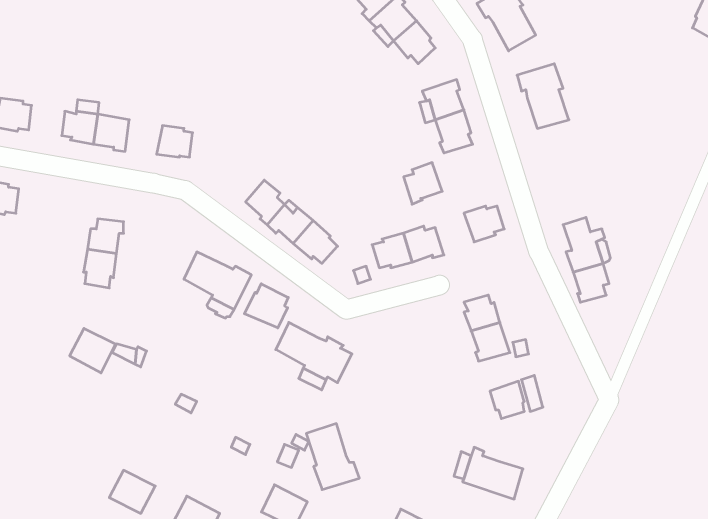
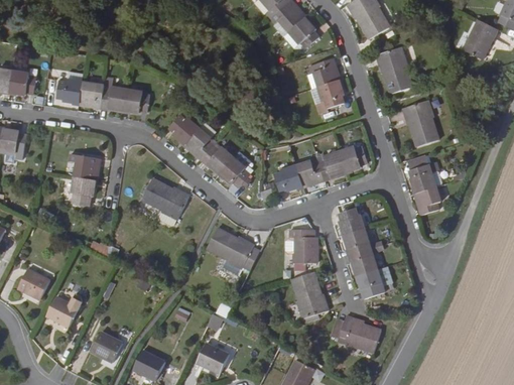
building: none -> [464,18,501,59]
building: none -> [101,82,127,110]
building: none -> [397,102,433,147]
building: none -> [169,115,199,143]
building: [404,163,442,204] -> [318,151,346,180]
building: [244,284,288,328] -> none
building: none -> [290,229,316,262]
building: [70,328,115,373] -> [17,267,49,298]
building: none -> [349,249,377,276]
building: none -> [46,294,79,326]
building: [306,424,359,490] -> [291,271,329,317]

